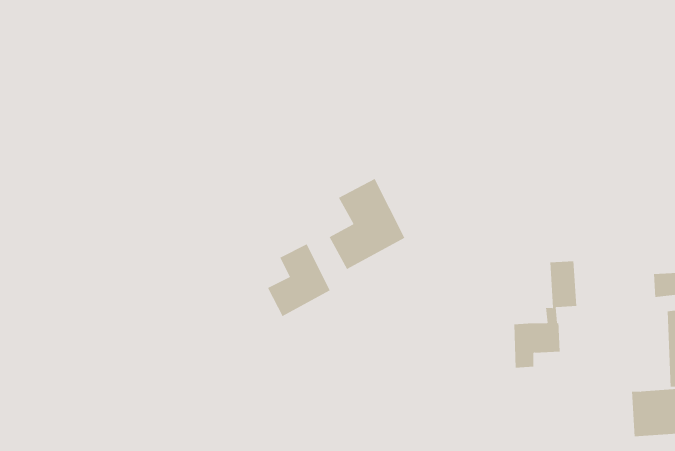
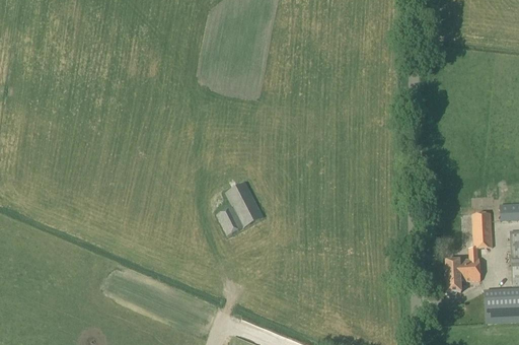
building: [329,178,405,270] -> none
building: [514,261,577,368] -> [446,213,493,292]

